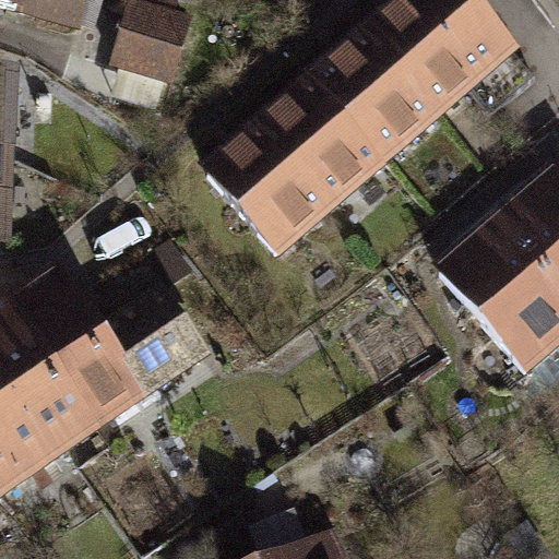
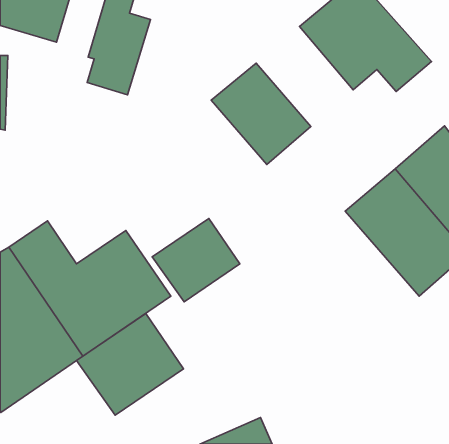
building: [319,33,439,157] -> none
building: [210,124,332,250] -> none
building: none -> [152,218,240,302]
building: none -> [76,313,184,415]

